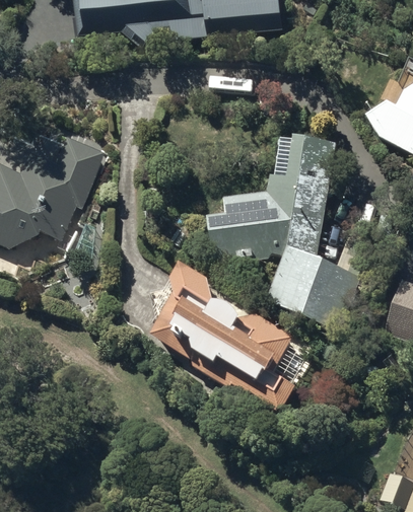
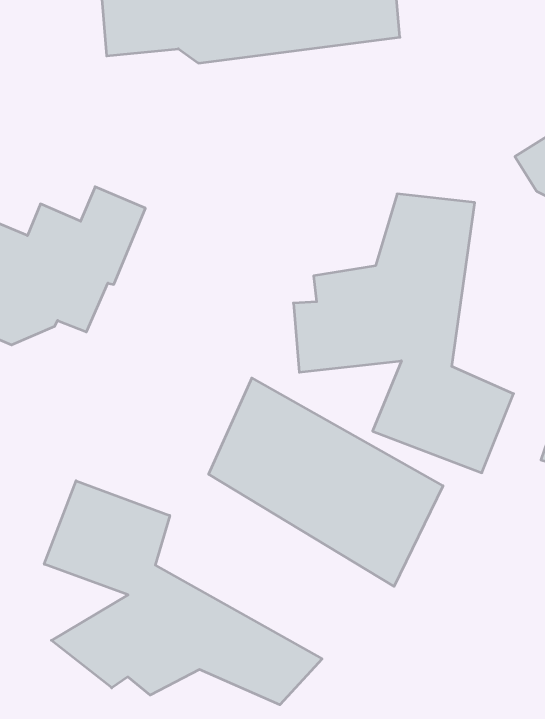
building: none -> [44,481,322,705]

